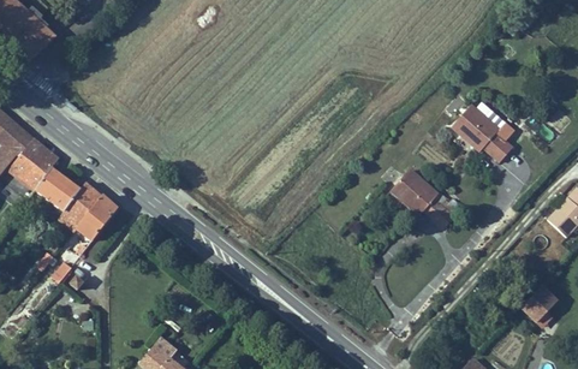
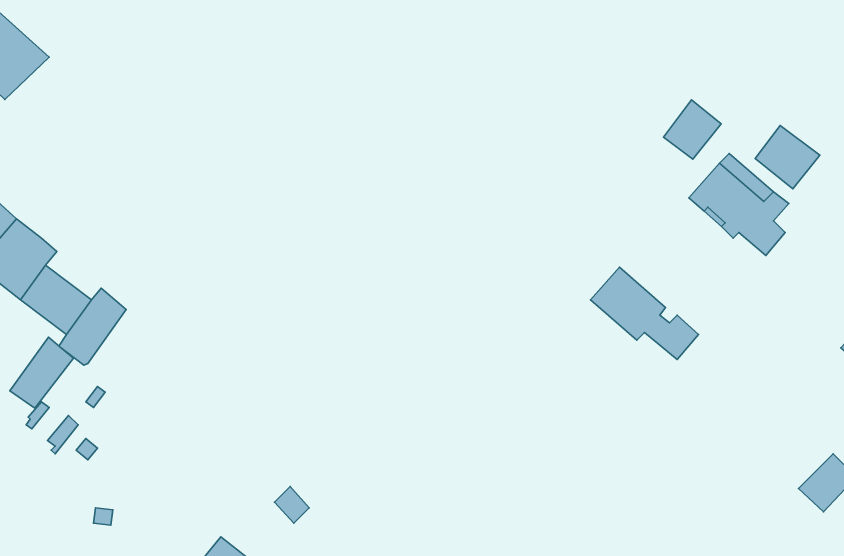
building: none -> [663,100,721,159]
building: none -> [755,125,820,189]
building: [77,195,117,239] -> [10,337,73,408]

